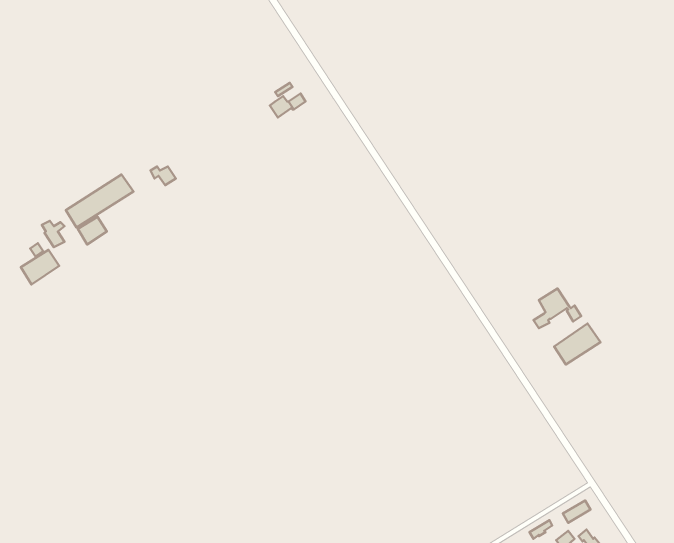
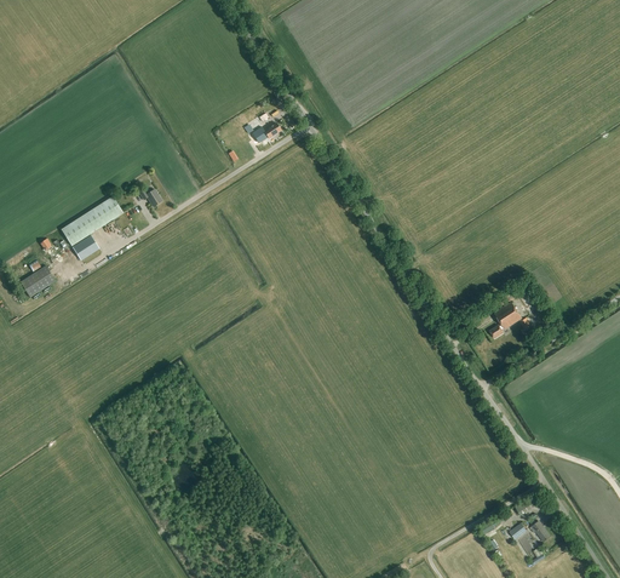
building: [554,324,601,365] -> none

